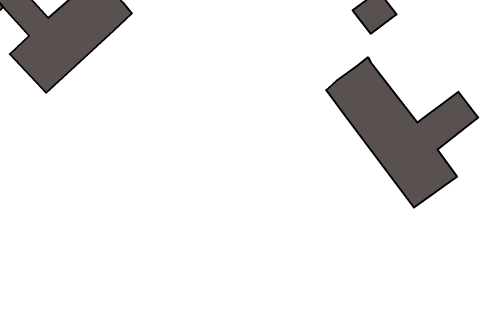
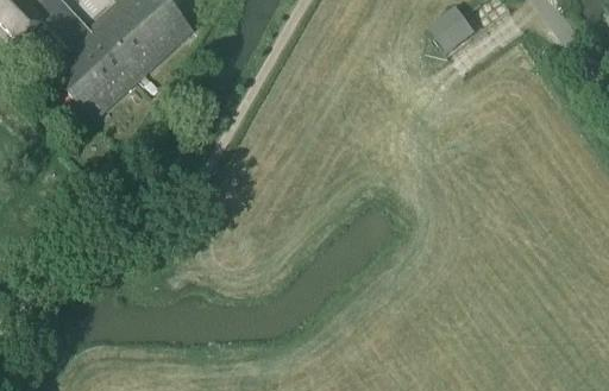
building: [326,57,478,208] -> none

